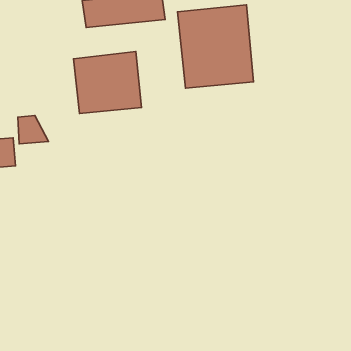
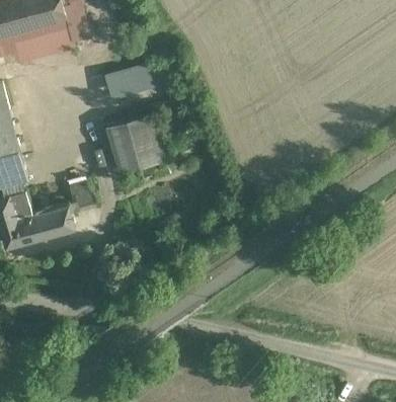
building: [177,5,253,88] -> none

